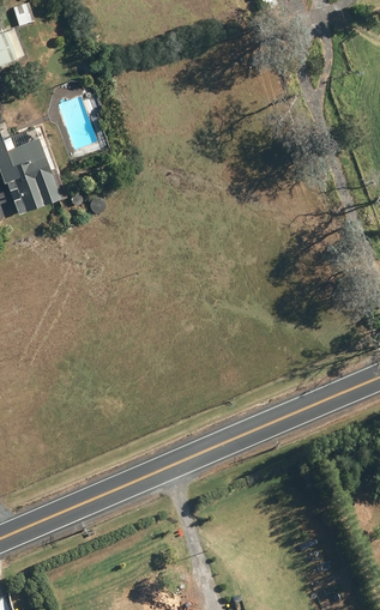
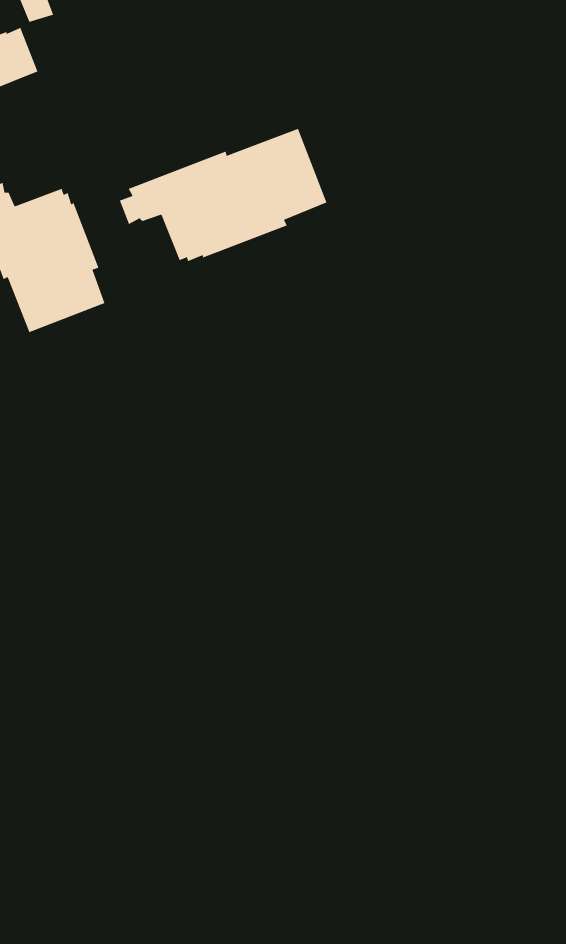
building: none -> [119,128,327,262]

